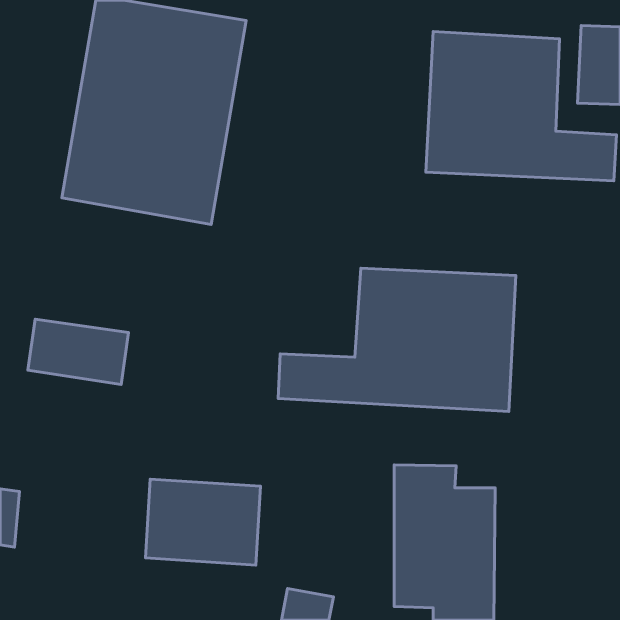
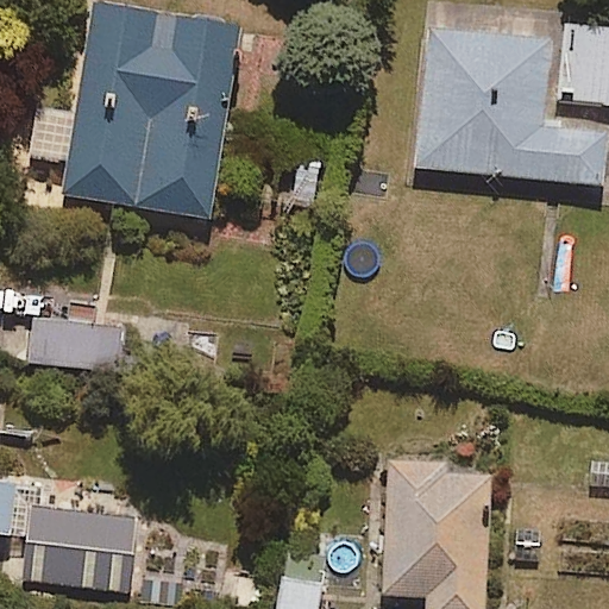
building: [278,268,516,412] -> none
building: [145,479,261,565] -> [24,508,137,592]

